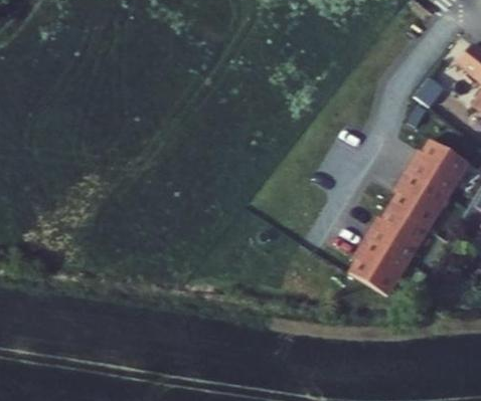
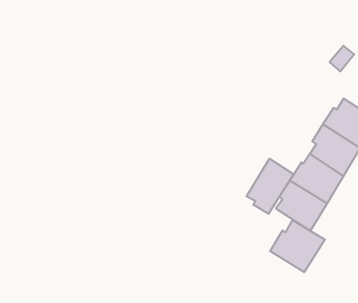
building: none -> [246,159,293,214]
building: none -> [270,220,325,272]

